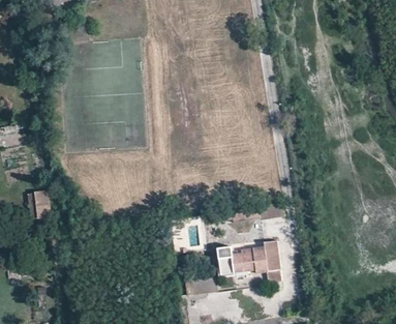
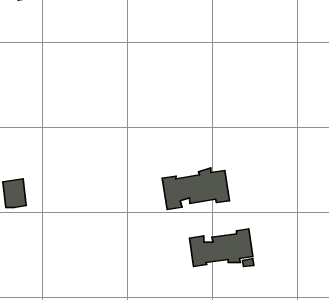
building: none -> [162,168,229,210]

